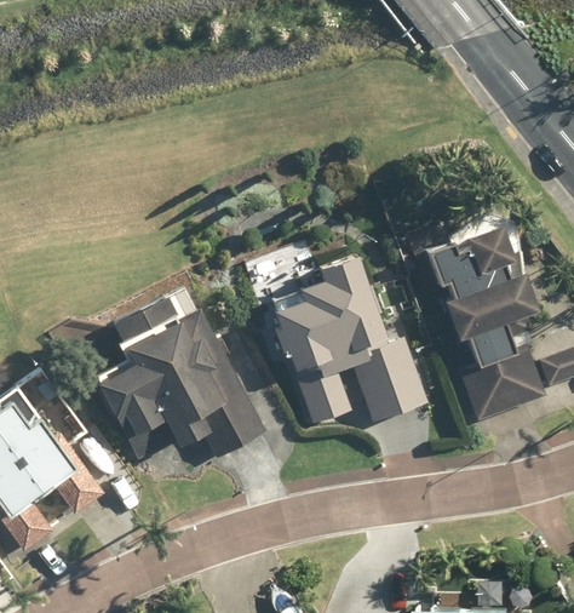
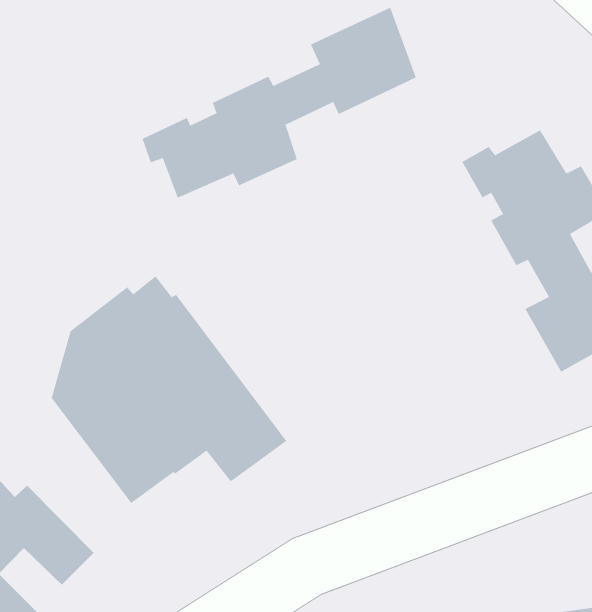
building: none -> [142,7,416,199]
building: [271,250,426,423] -> none

